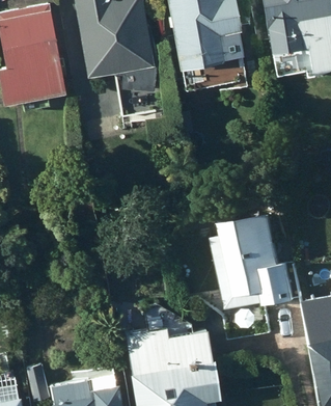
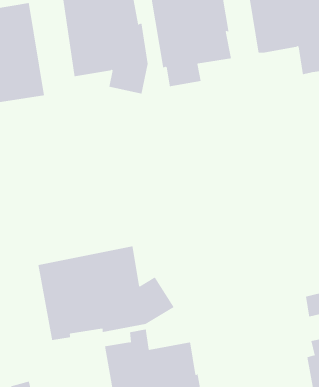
building: [216,212,289,310] -> none
building: none -> [38,246,175,341]

